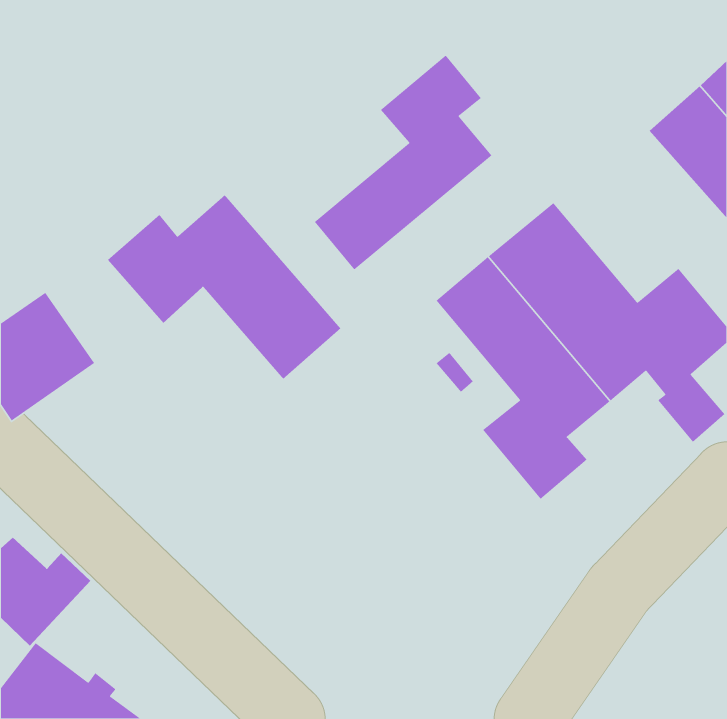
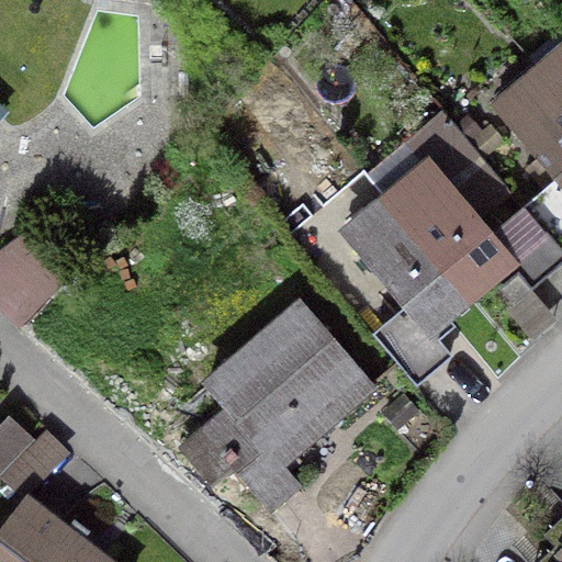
building: [314,55,492,270] -> none
building: [107,194,342,380] -> none
building: none -> [176,299,376,513]

